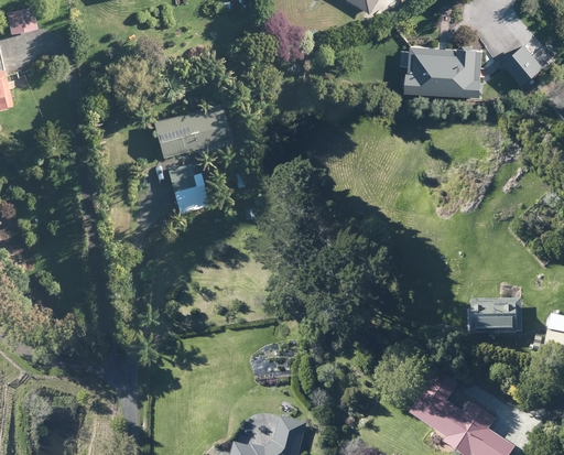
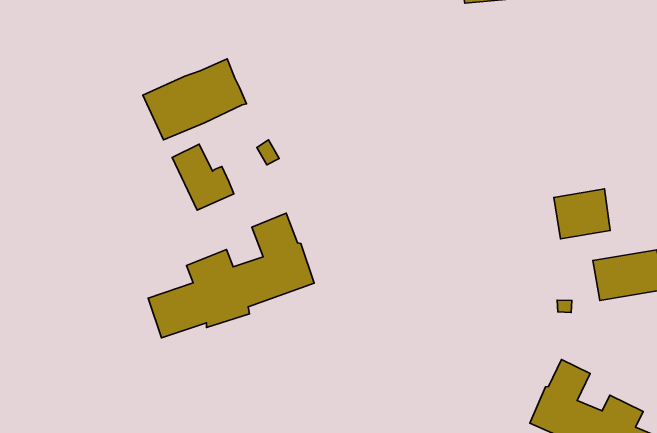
building: none -> [148,213,314,338]
building: none -> [554,189,610,239]

